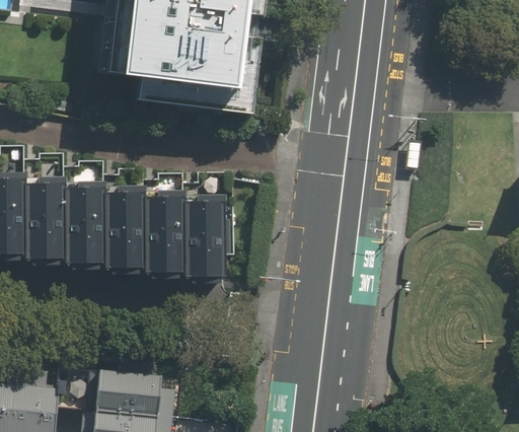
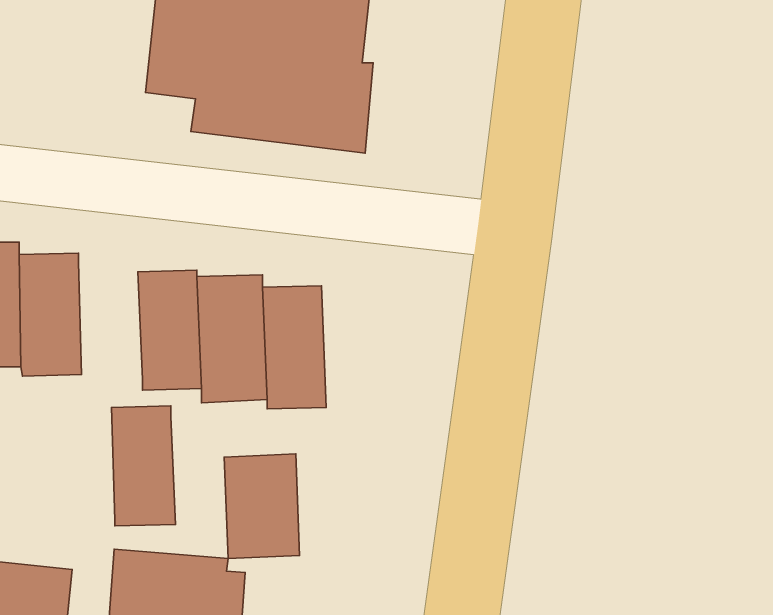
building: [63,183,104,261] -> [112,406,175,526]
building: none -> [224,454,300,559]

